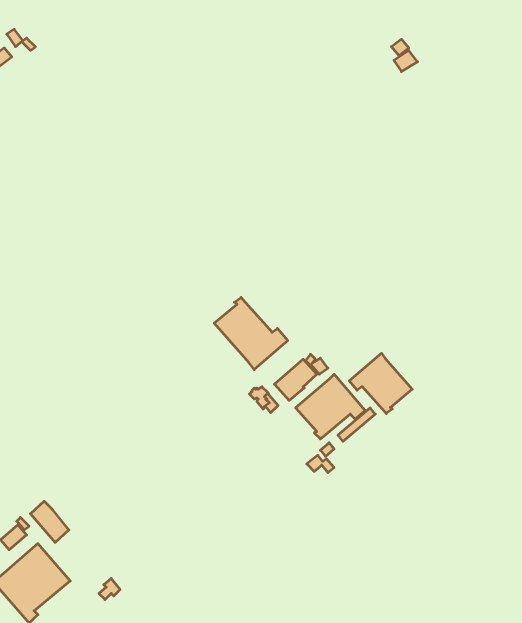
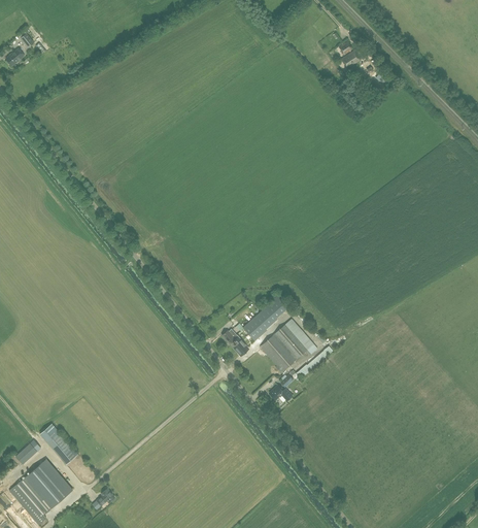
building: [214,297,288,370] -> none
building: [349,353,412,414] -> none

